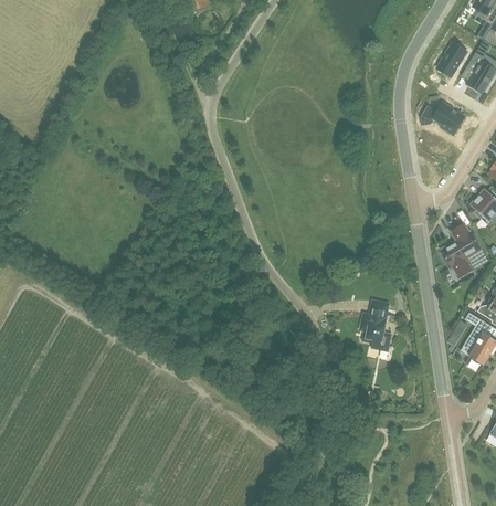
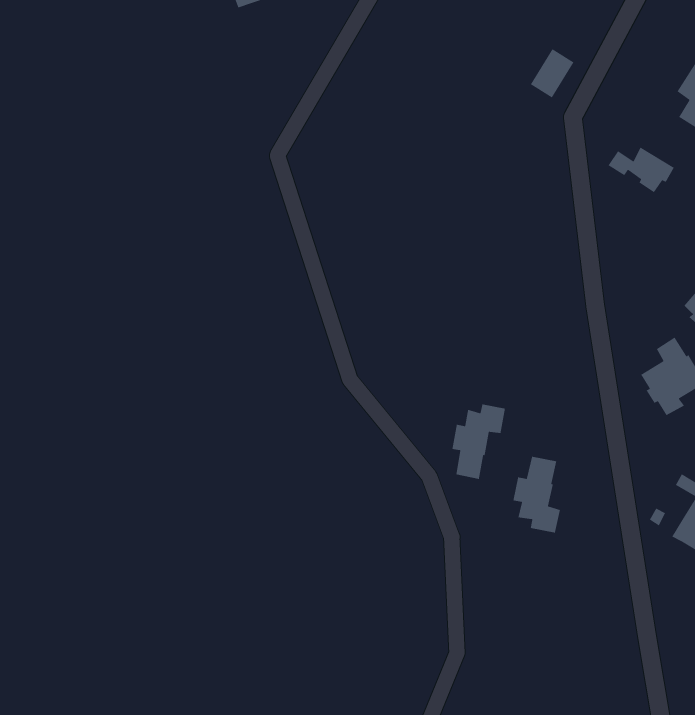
building: [436,44,465,76] -> [530,48,575,98]
building: none -> [452,403,506,480]

